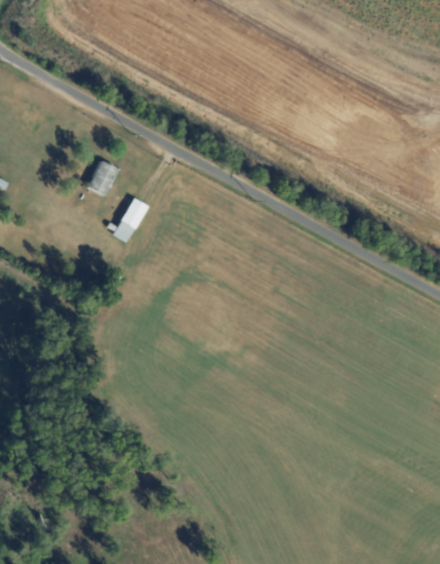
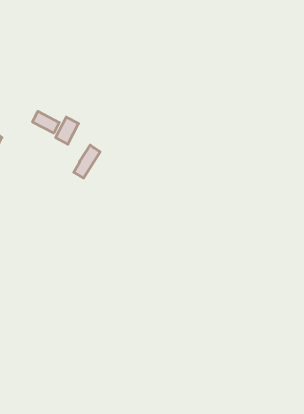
building: none -> [33,111,59,133]

